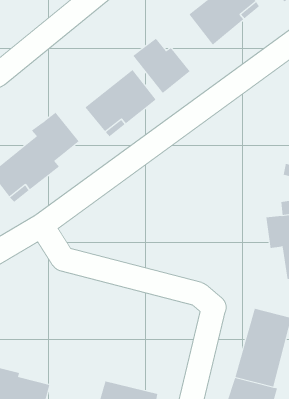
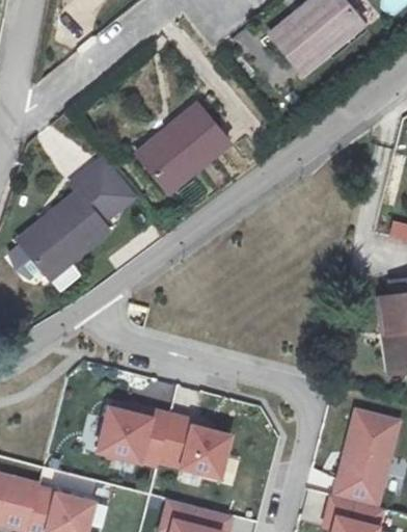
building: [132,38,190,94] -> none
building: none -> [98,407,230,478]

